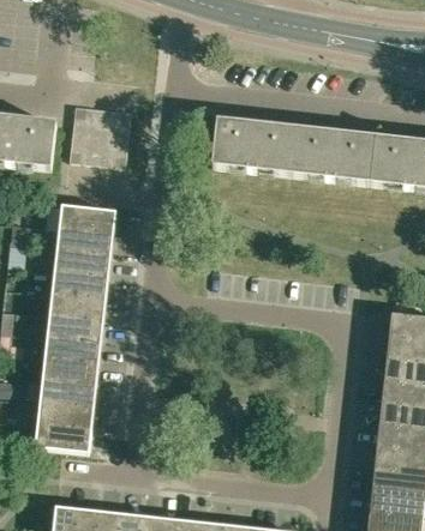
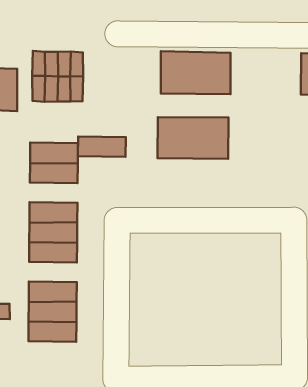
building: [289,126,372,180] -> [158,117,228,159]
building: [55,247,110,274] -> [78,137,126,157]
building: [46,334,101,362] -> none
building: [36,422,91,451] -> none

